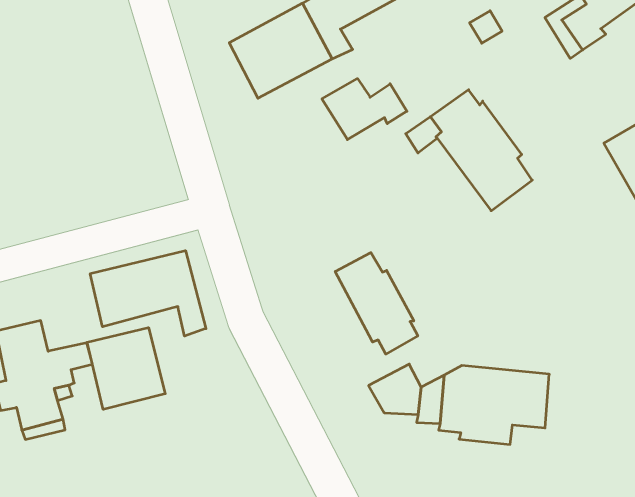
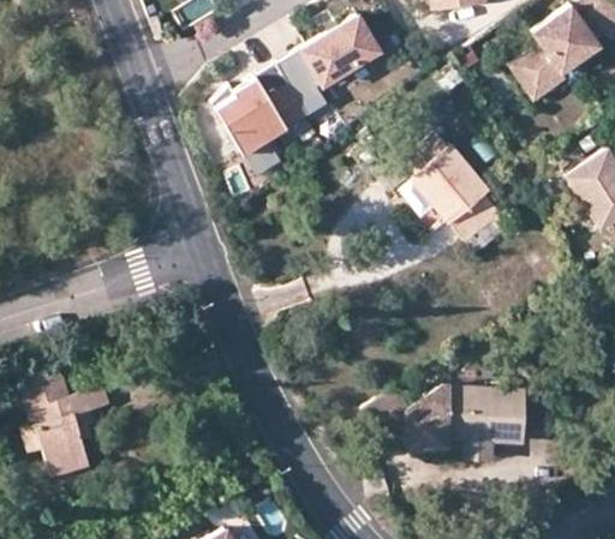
building: [322,79,407,140] -> none
building: [90,251,206,336] -> none
building: [335,253,418,354] -> none
building: [87,328,165,409] -> none

